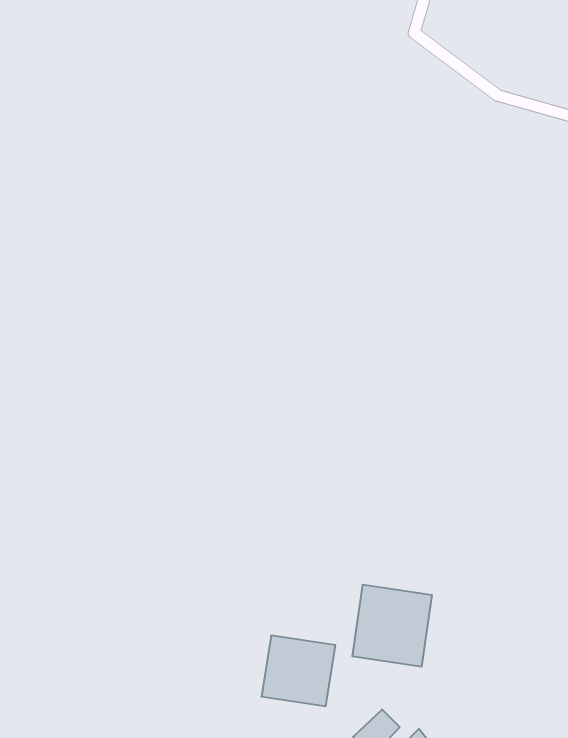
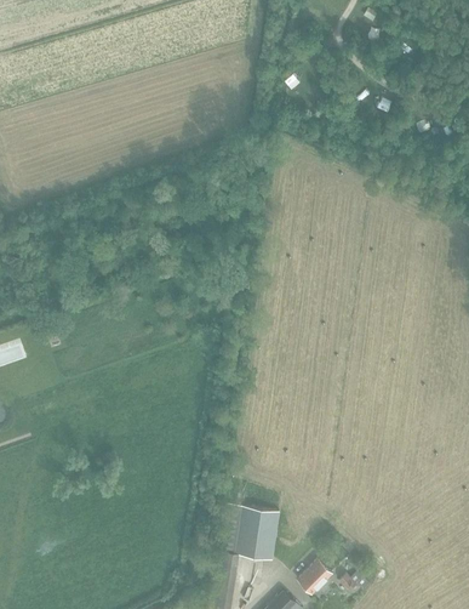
building: [352,585,432,667] -> none

